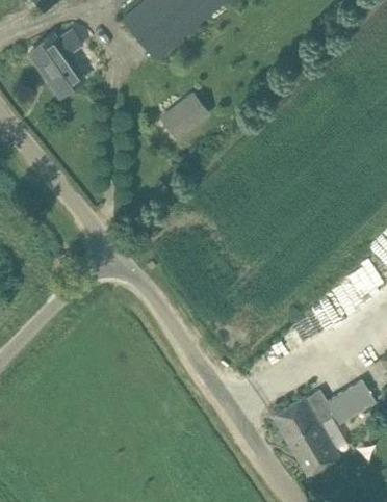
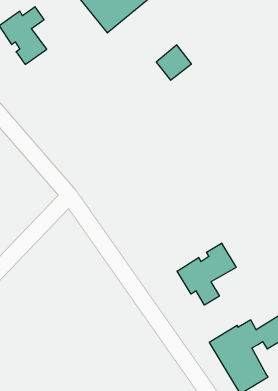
building: [160,99,201,139] -> [156,45,191,80]
building: none -> [177,243,236,305]

